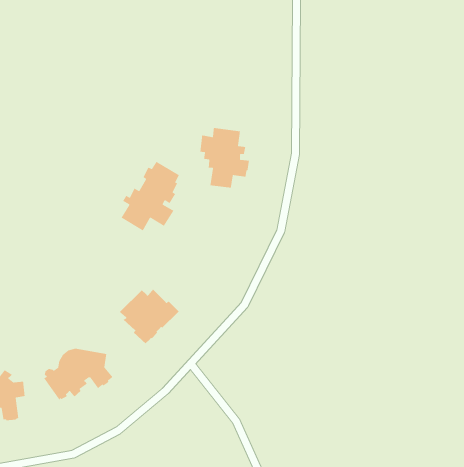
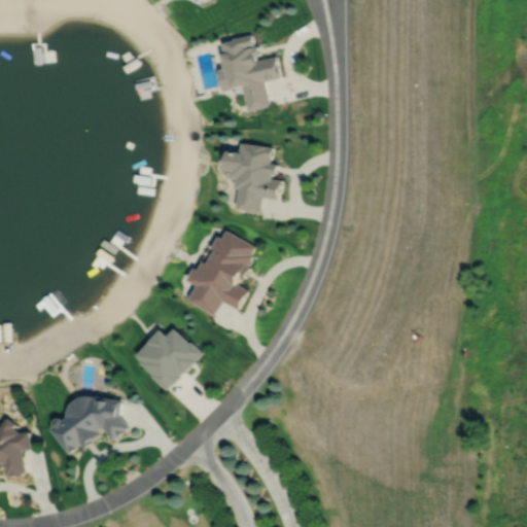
building: none -> [217,35,279,112]
building: [120,161,180,231] -> [186,233,253,312]

